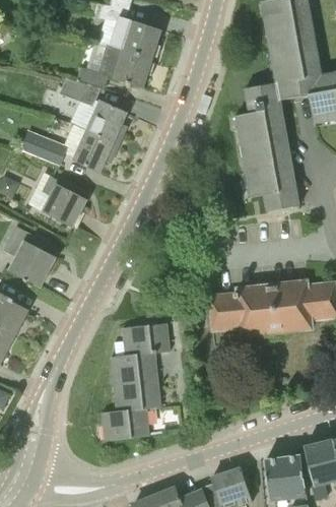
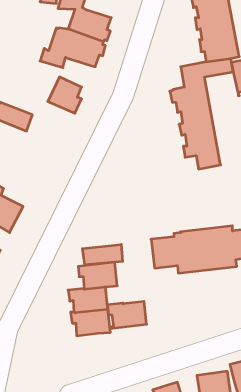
building: [60,78,102,106] -> none
building: [74,130,119,172] -> none
building: [44,176,87,226] -> none
building: none -> [82,244,123,265]
building: [103,408,149,441] -> [108,301,147,329]

